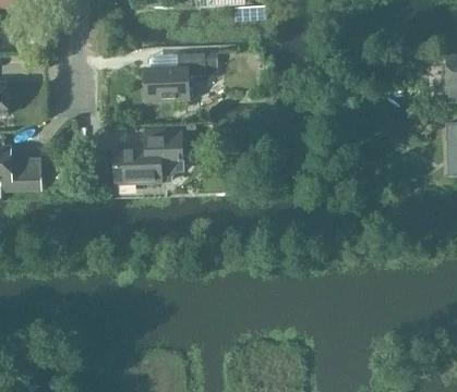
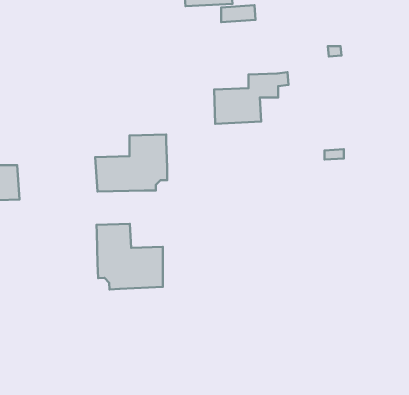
building: [143,52,214,101] -> [214,72,289,124]
building: none -> [96,224,163,289]

